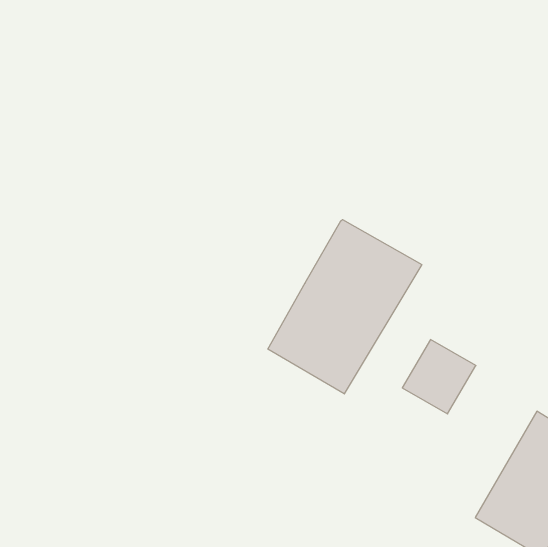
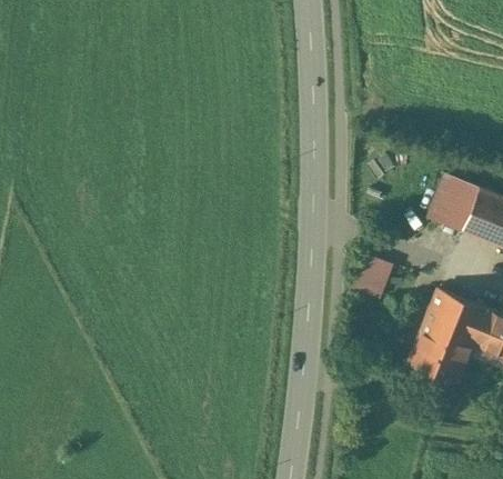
building: [268,220,422,394] -> none

